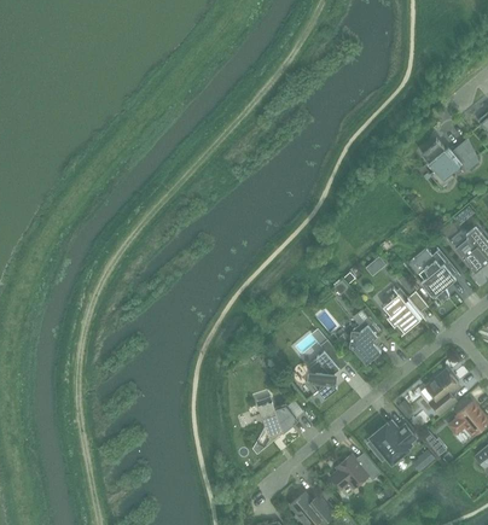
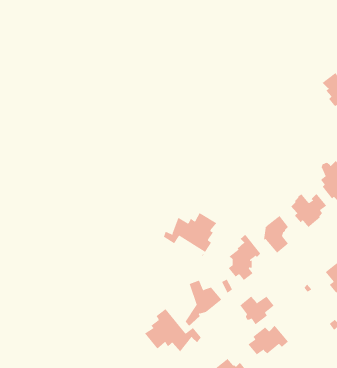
building: none -> [163,212,217,257]
building: [371,425,414,461] -> [239,296,275,325]
building: none -> [144,305,201,352]

